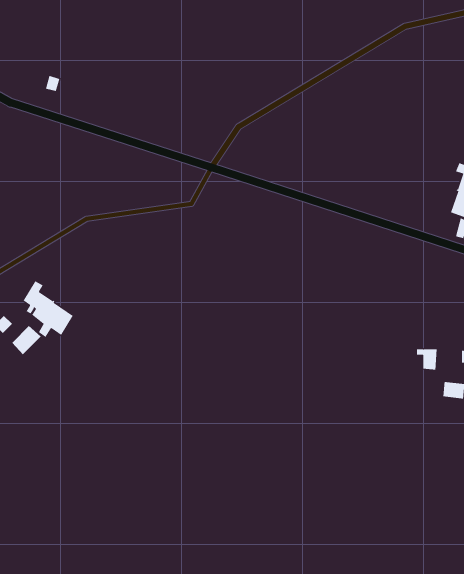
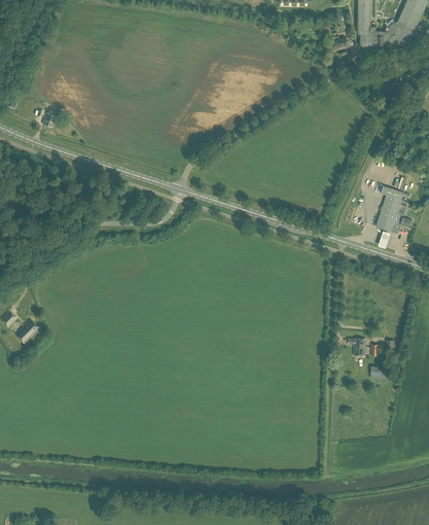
building: [23,280,73,338] -> none

